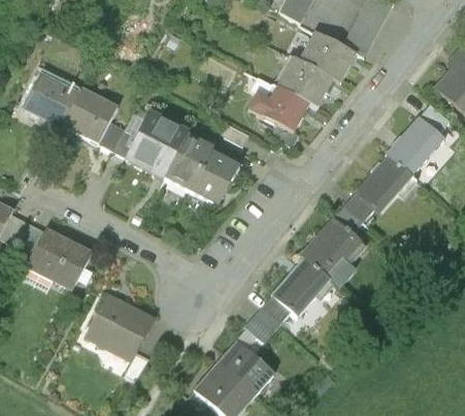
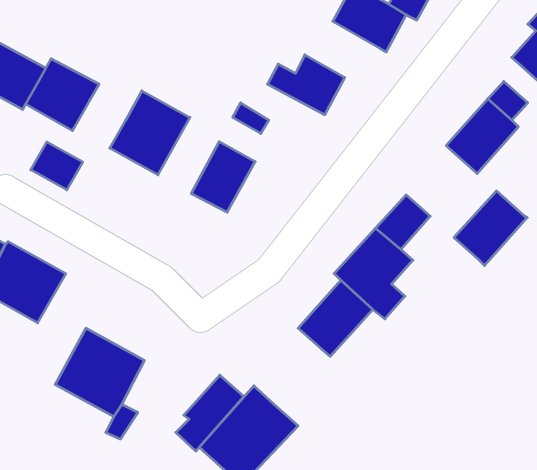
building: [277,56,335,105] -> none
building: [99,119,139,156] -> [31,142,83,190]
building: [164,132,212,191] -> none
building: [356,156,412,214] -> [454,191,527,266]
building: [238,295,291,354] -> [176,375,244,451]

